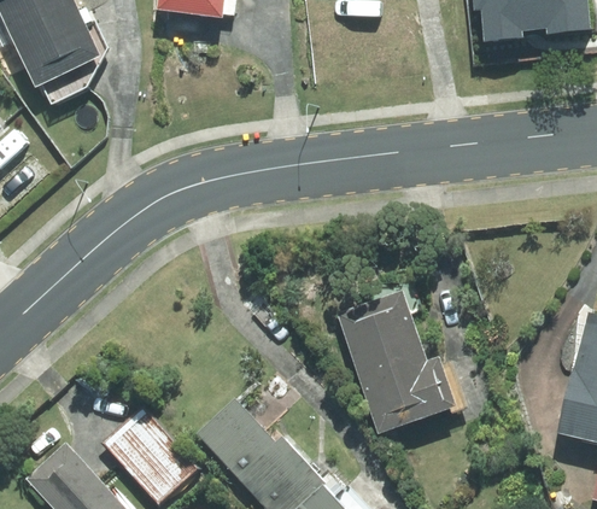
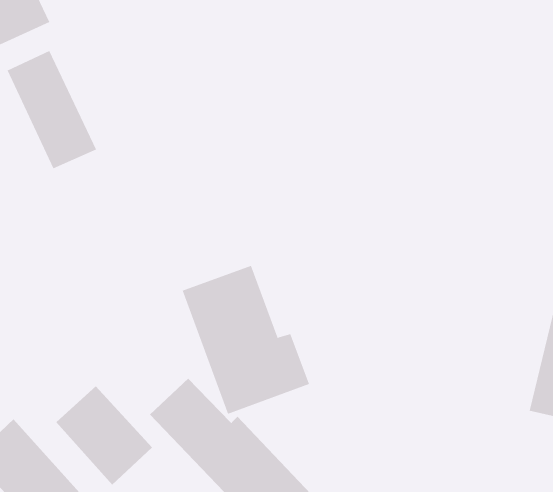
building: none -> [7,50,97,169]
building: [338,291,460,433] -> [182,265,310,415]

